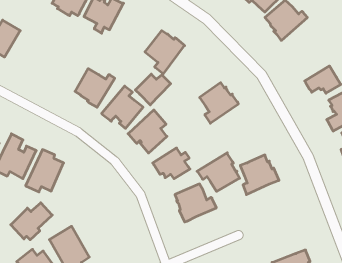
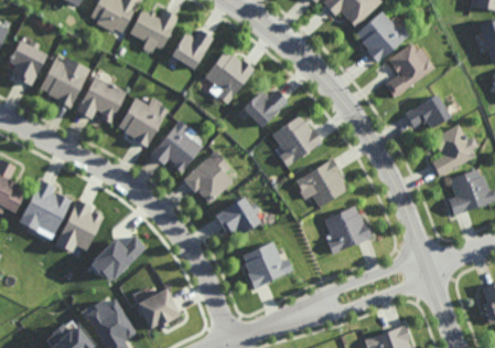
building: none -> [170,30,212,70]
building: none -> [387,44,427,92]
building: none -> [37,56,89,108]
building: none -> [75,76,125,124]
building: [135,74,171,105] -> [243,89,287,128]
building: [197,153,240,191] -> [294,159,347,208]
building: [11,203,52,240] -> [95,233,147,280]
building: none -> [134,291,179,334]

